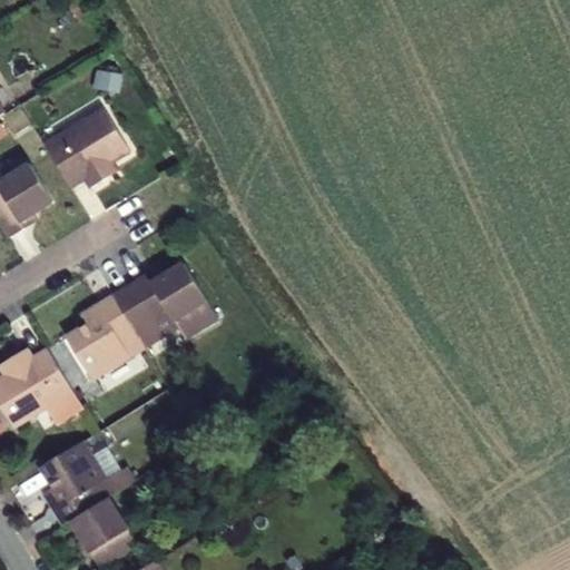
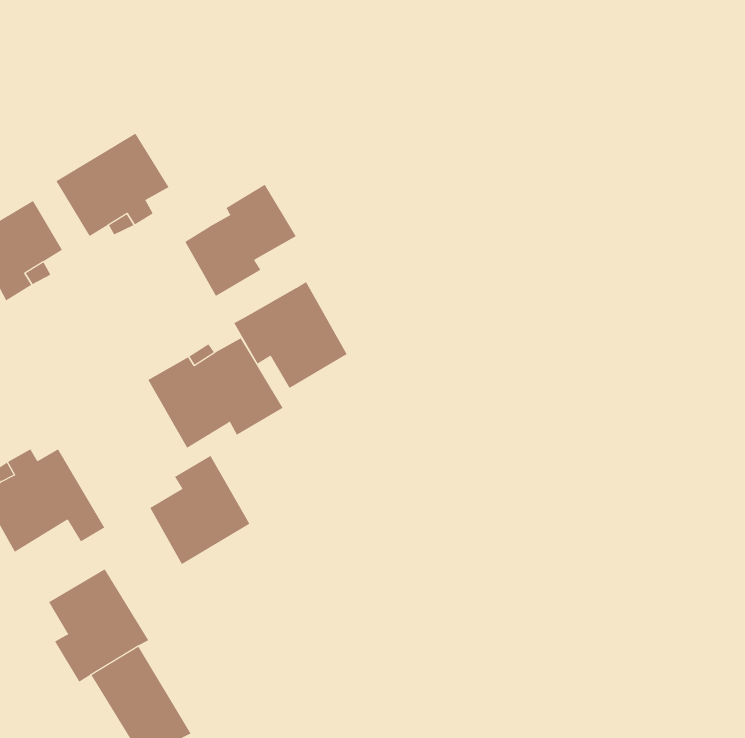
building: none -> [184,184,297,297]
building: none -> [234,281,348,389]
building: [66,296,142,380] -> [149,455,250,565]

